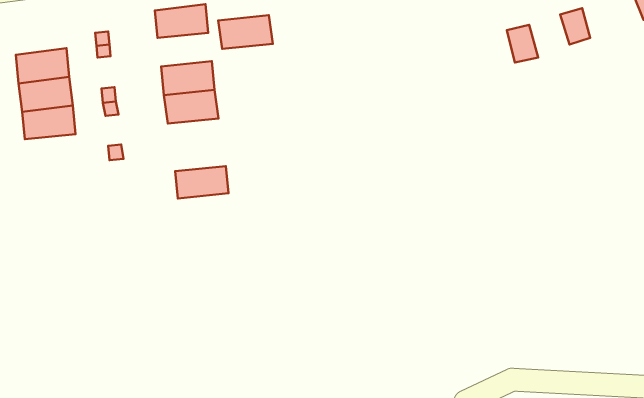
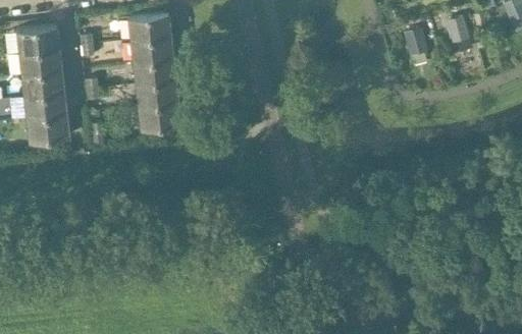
building: [218,15,273,49] -> [129,36,172,62]
building: none -> [16,26,58,53]
building: none -> [25,115,68,142]
building: [175,166,228,198] -> [138,103,179,128]

